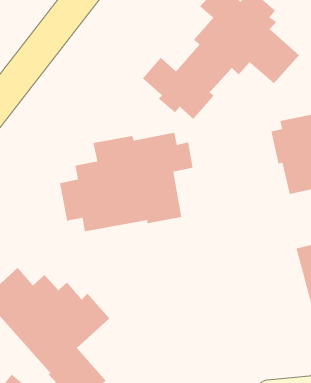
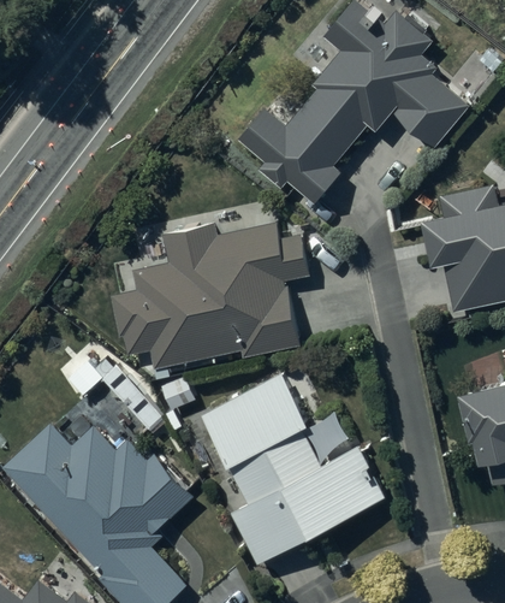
building: none -> [201,374,391,566]

